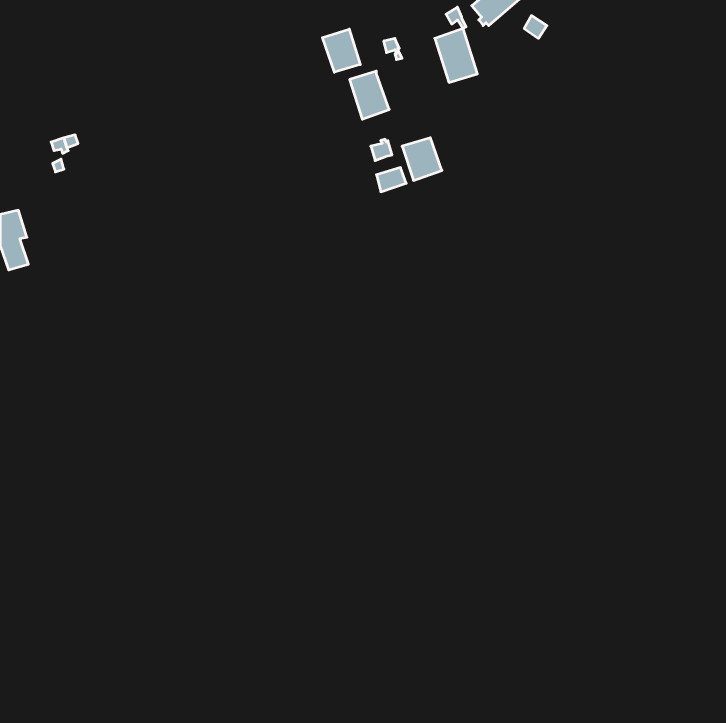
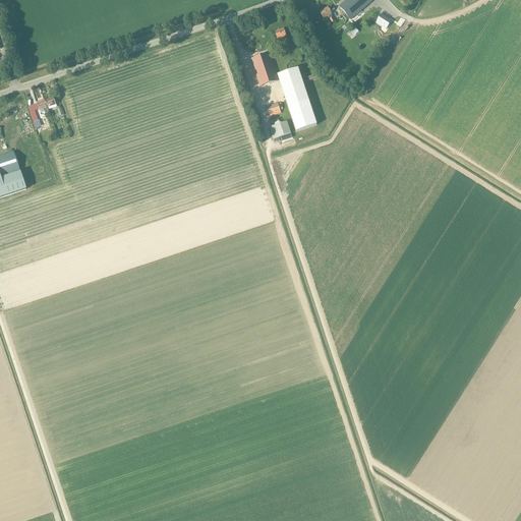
building: [435,28,477,82] -> [278,66,308,105]
building: [322,29,360,72] -> none

